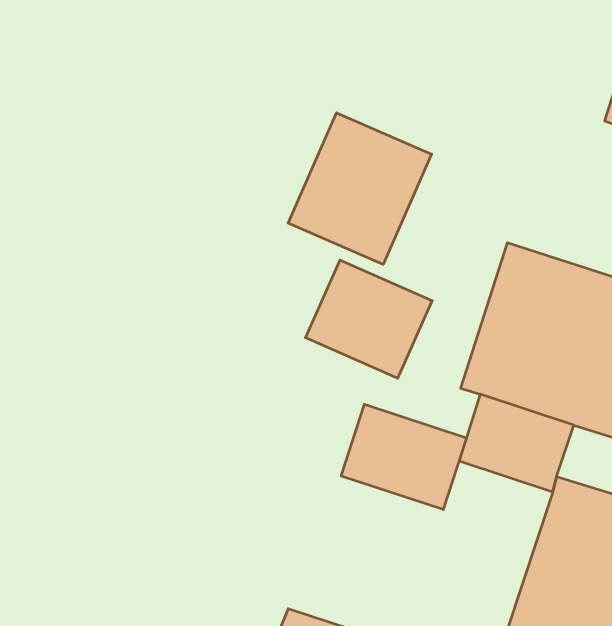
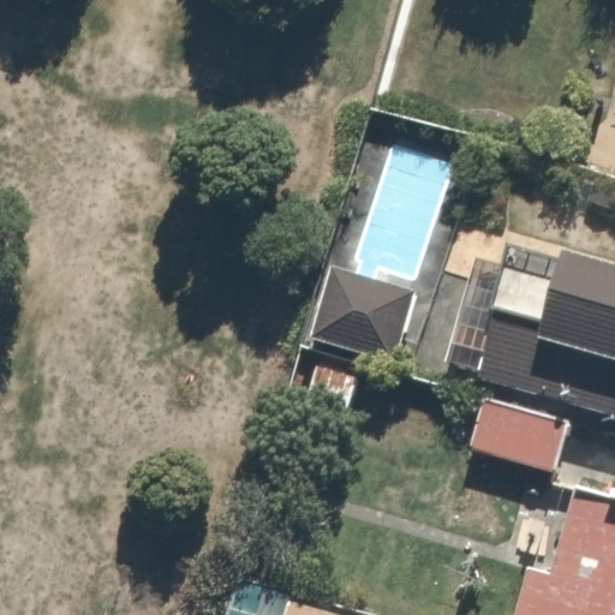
building: [288,113,432,264] -> none
building: [341,404,467,510] -> none

